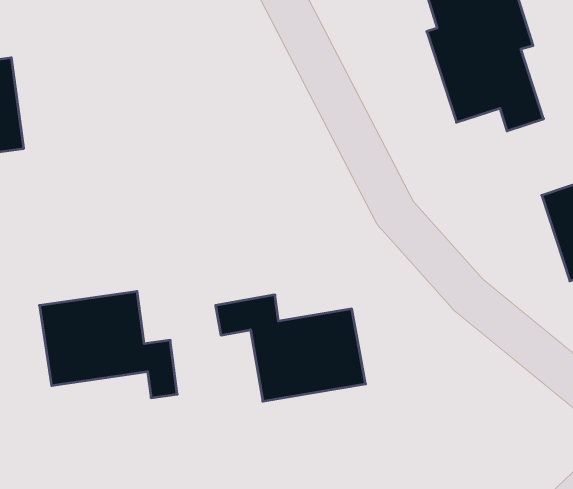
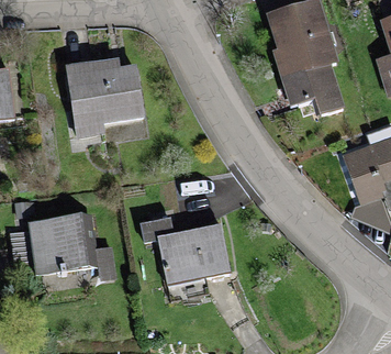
building: none -> [65,54,144,132]

